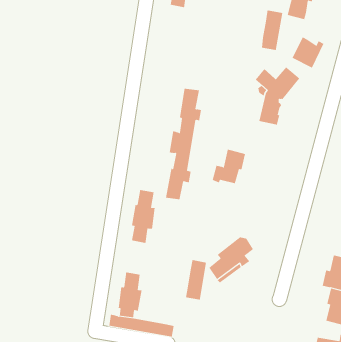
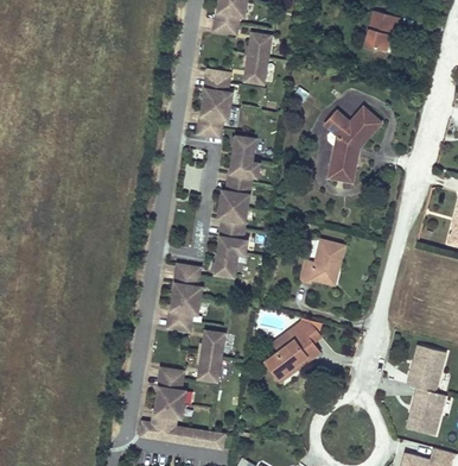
building: [261,10,283,51] -> [244,32,272,83]
building: none -> [201,70,231,137]
building: [292,37,324,69] -> none
building: [212,149,246,184] -> [303,240,345,284]
building: [185,260,207,300] -> [195,329,222,380]

